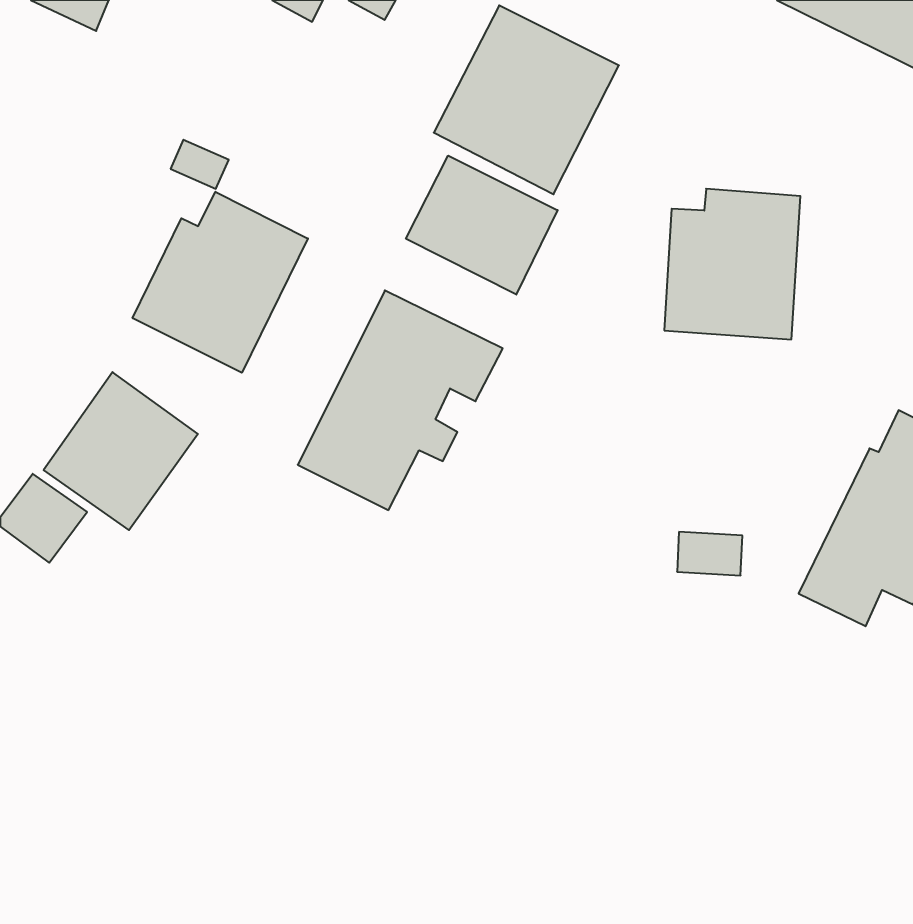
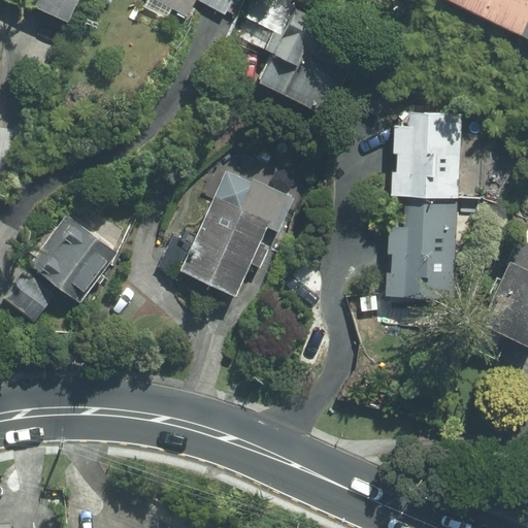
building: [406,156,558,295] -> none
building: [133,192,308,373] -> none
building: none -> [381,195,462,297]

